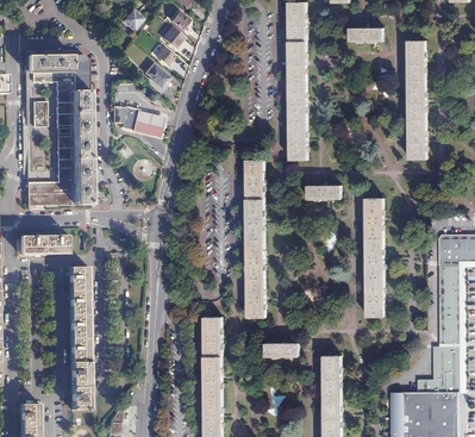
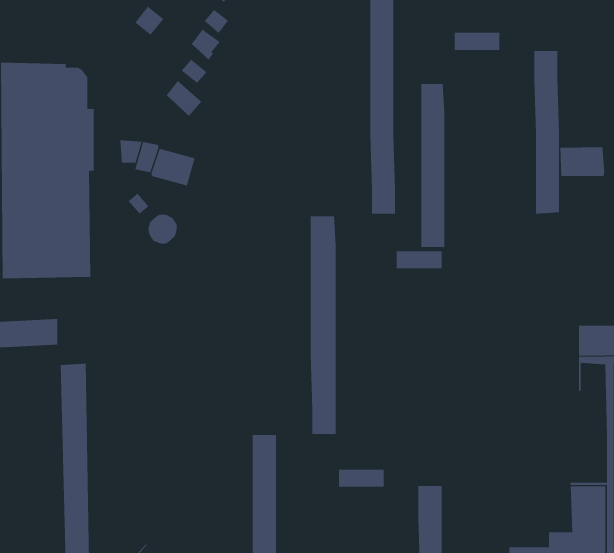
building: none -> [560,147,605,177]
building: [367,198,385,316] -> [420,84,445,247]
building: [439,266,460,343] -> none

